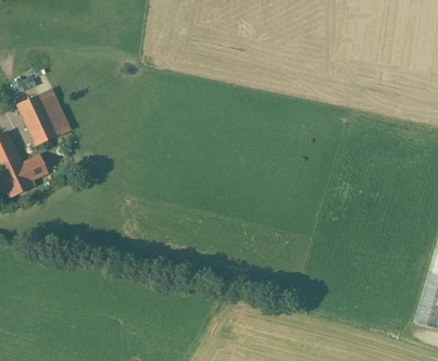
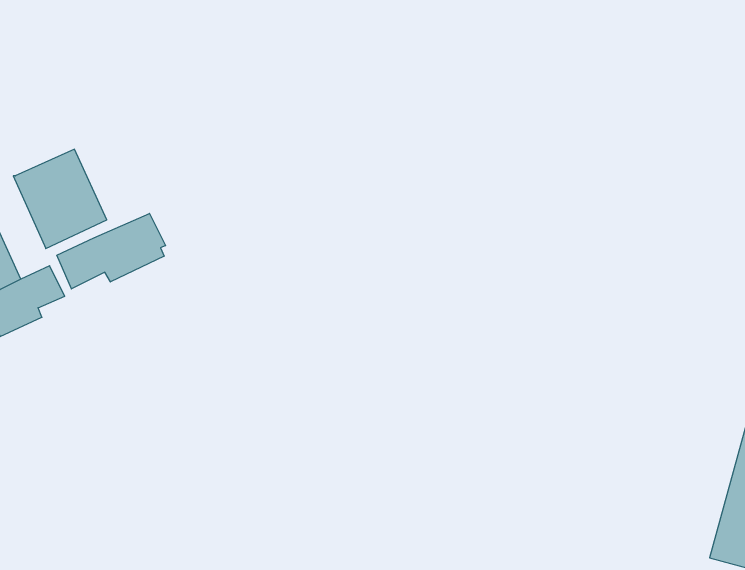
building: none -> [57,213,166,289]

